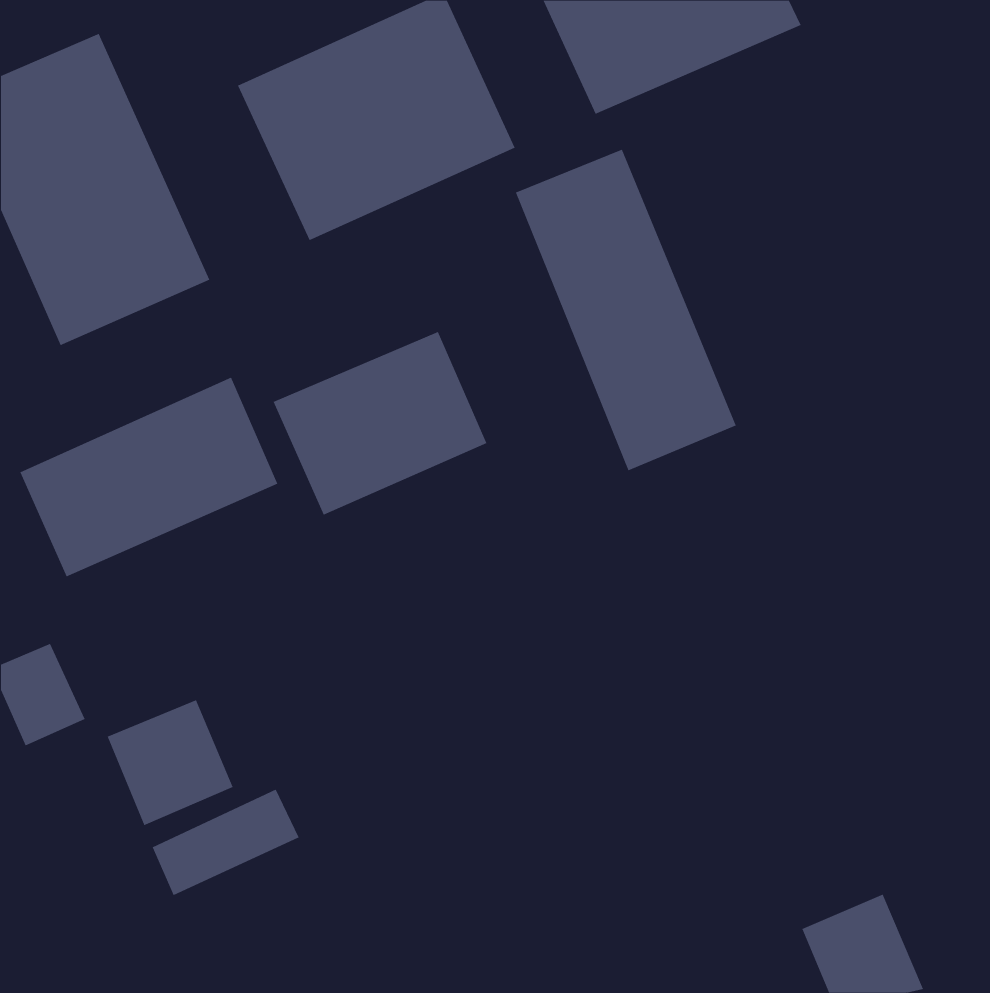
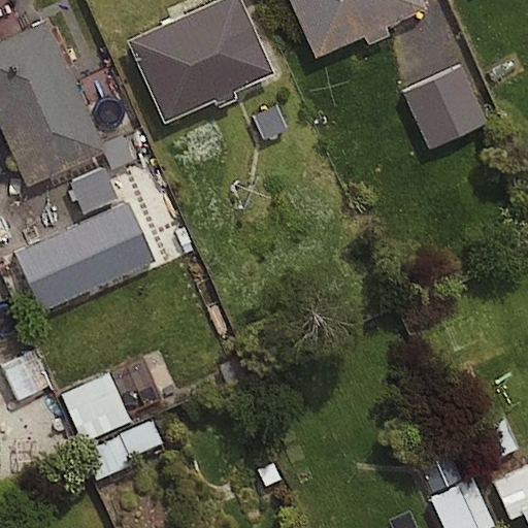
building: none -> [402,57,481,142]
building: [515,149,736,471] -> none
building: [273,331,487,516] -> none

